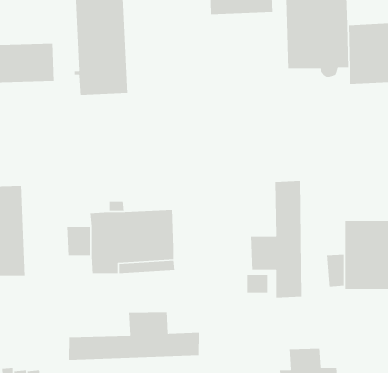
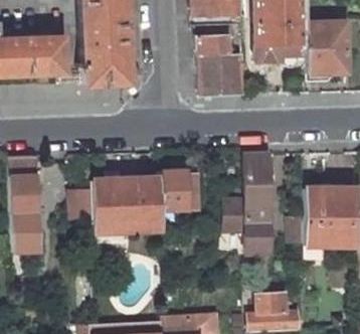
building: none -> [198,34,244,97]
building: none -> [161,170,199,210]
building: [68,311,200,361] -> none

